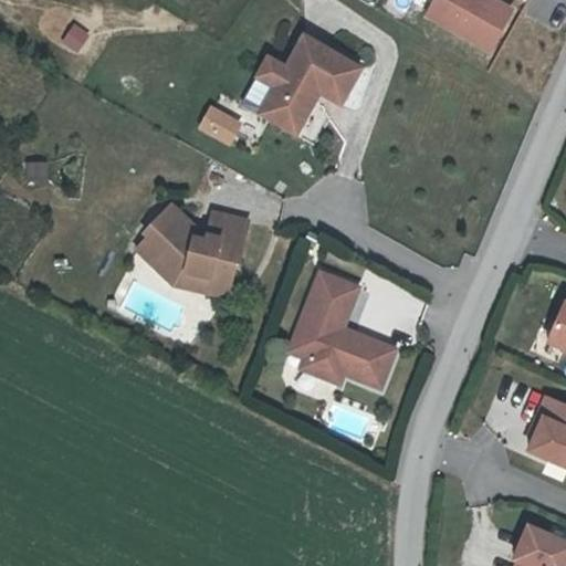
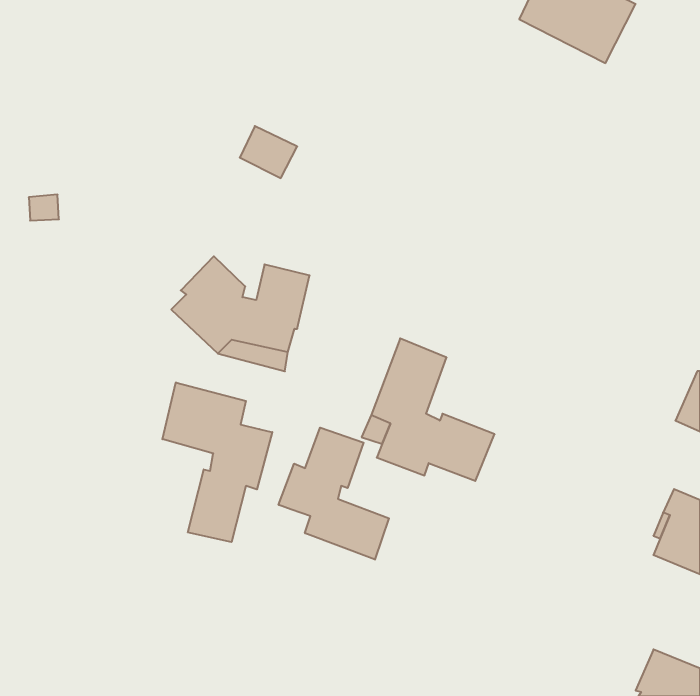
building: [259,36,361,134] -> none
building: none -> [162,382,272,542]
building: none -> [279,428,389,560]

